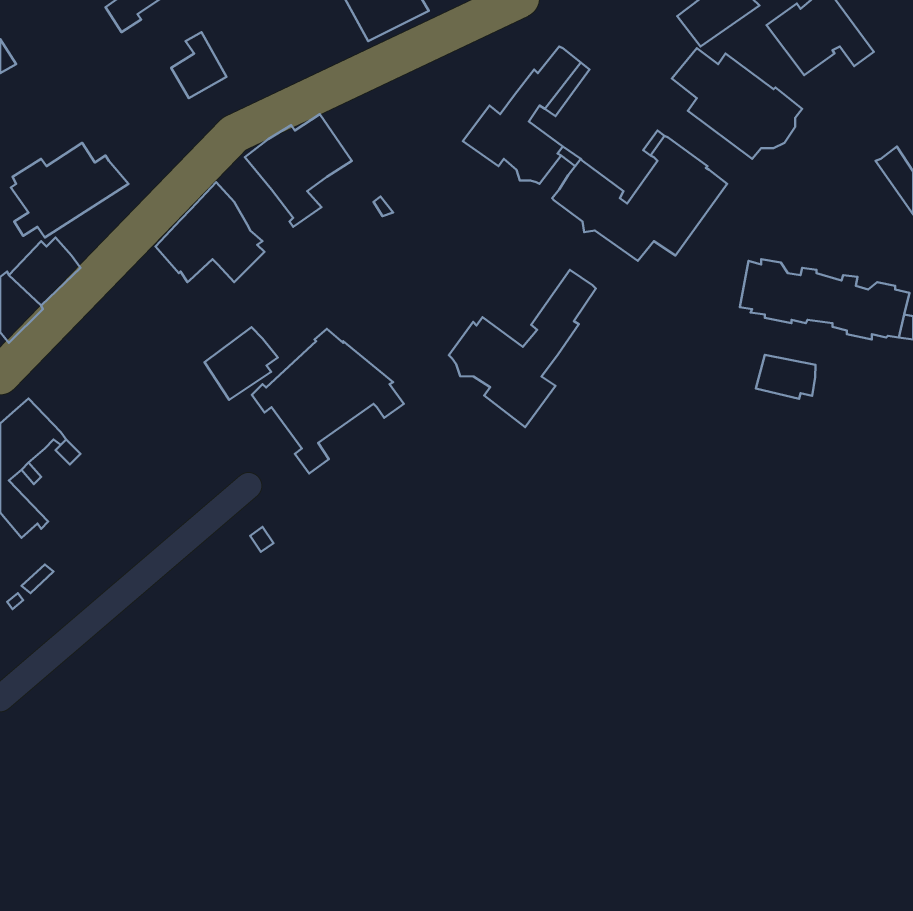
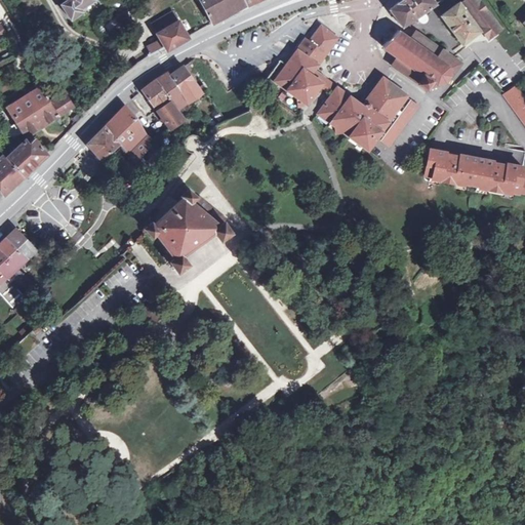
building: [171,32,226,98] -> [157,12,189,50]
building: [449,270,596,427] -> none
building: [204,327,278,400] -> none
building: [756,355,816,399] -> none

